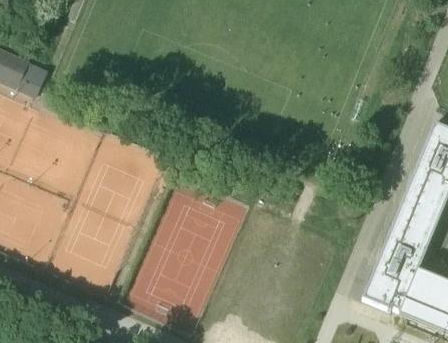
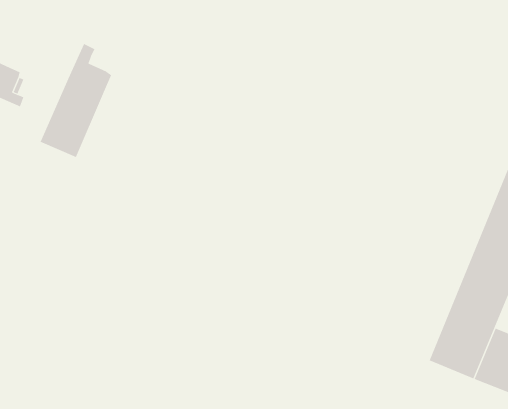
building: none -> [40,43,112,158]

